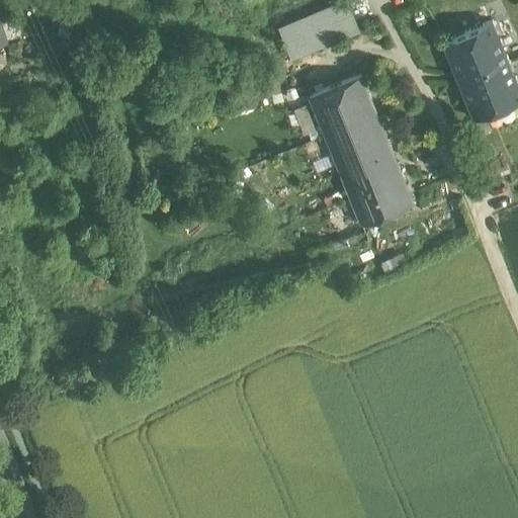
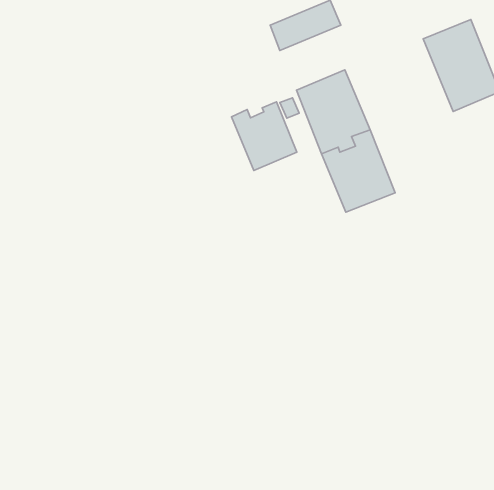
building: none -> [231,102,297,170]

